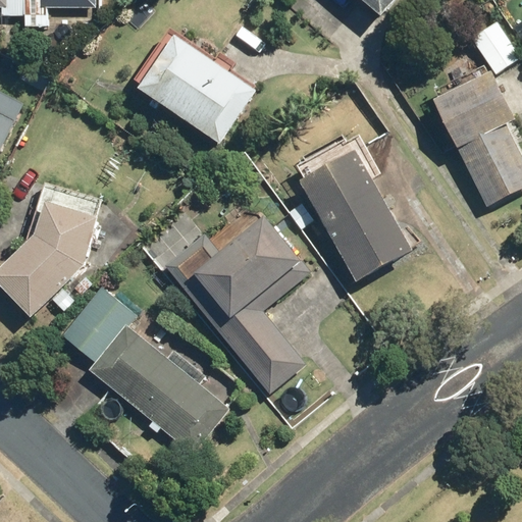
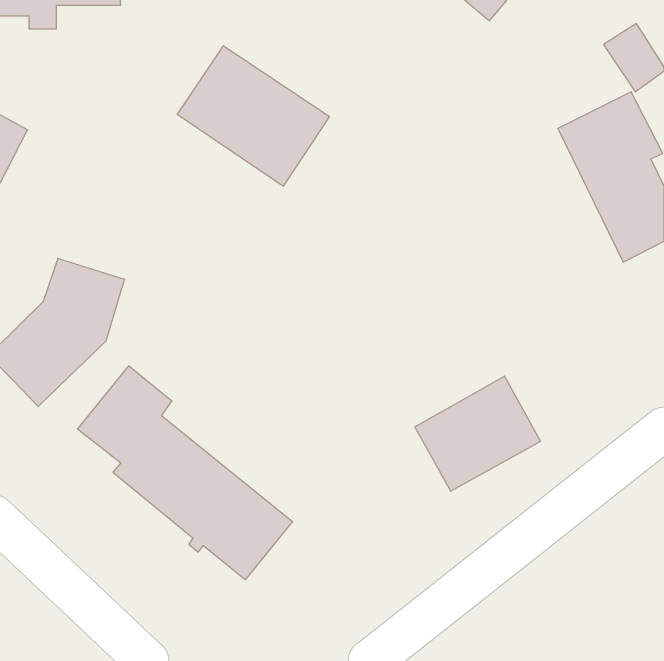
building: [299,150,411,281] -> none
building: [164,218,308,390] -> none
building: none -> [415,376,540,491]

